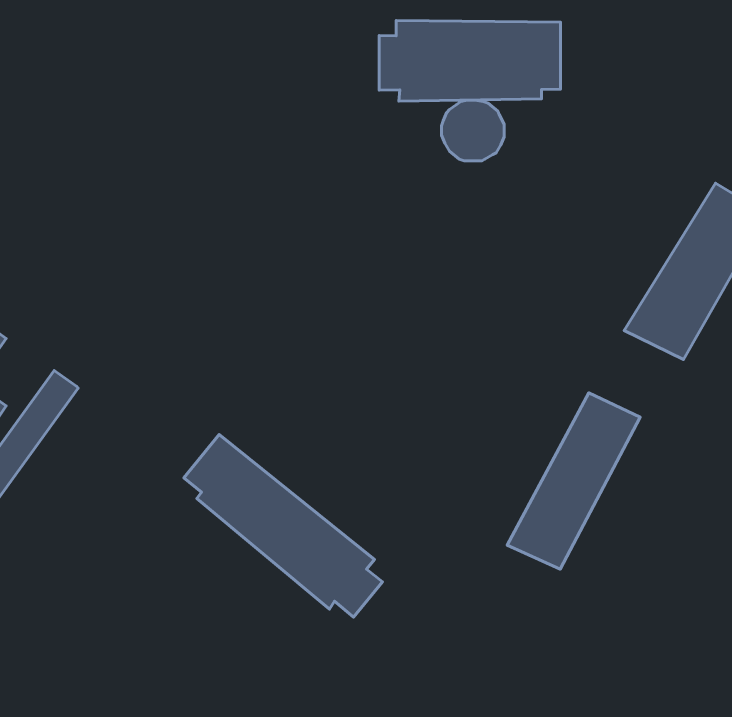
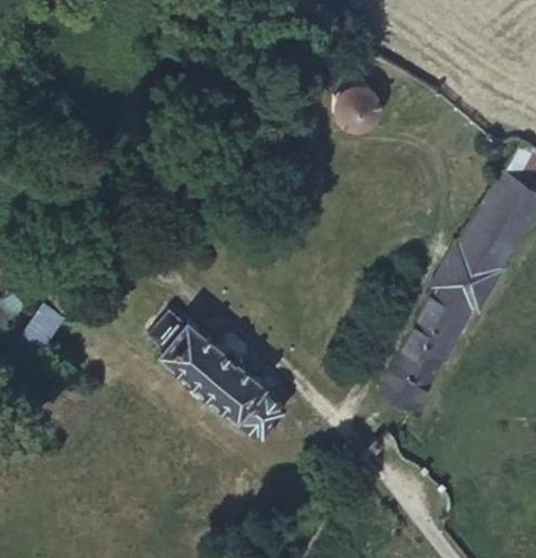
building: [379,21,560,101] -> none
building: none -> [435,245,501,308]

